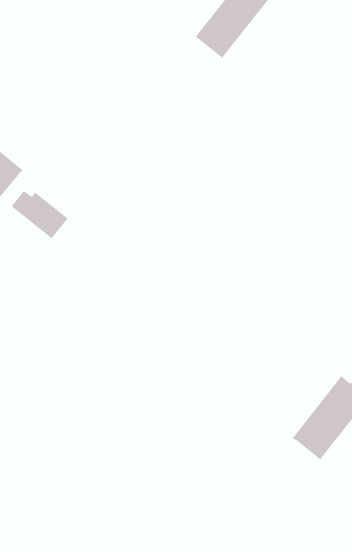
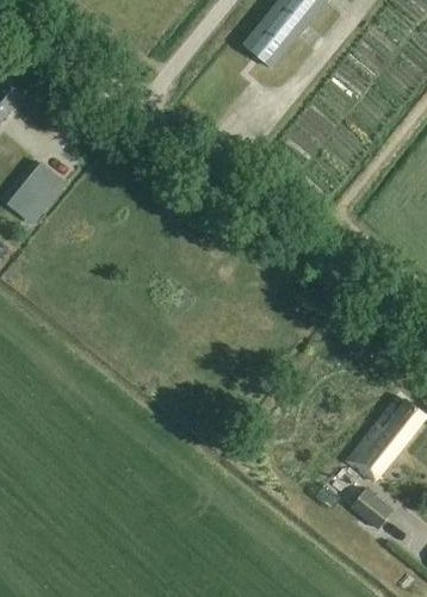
building: [11,190,69,239] -> none
building: none -> [348,489,391,529]

